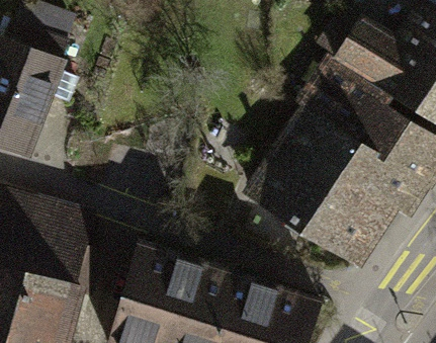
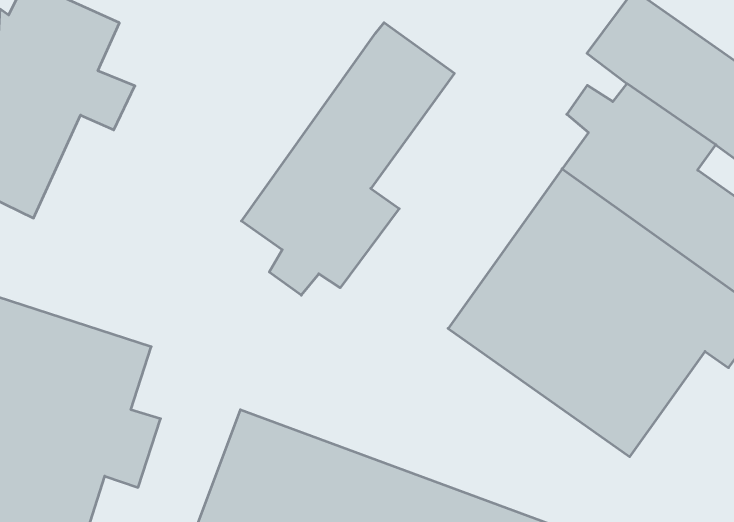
building: none -> [241,23,454,295]

